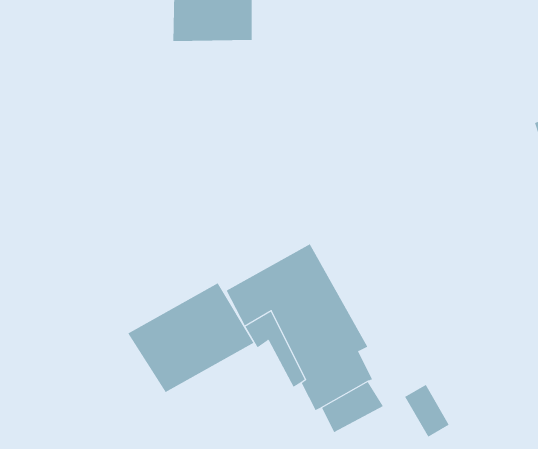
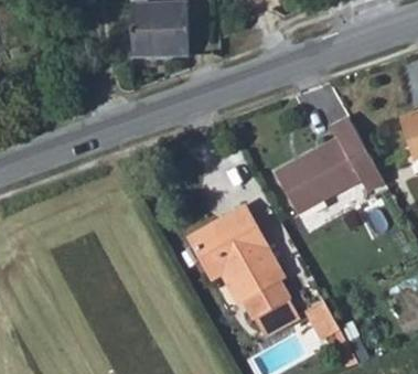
building: none -> [274,117,383,212]
building: [127,282,254,393] -> none

